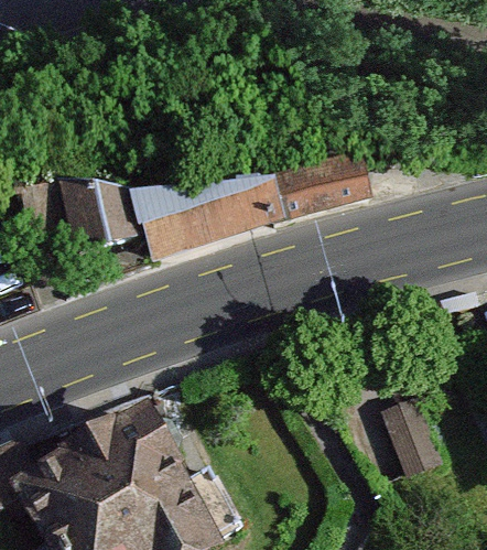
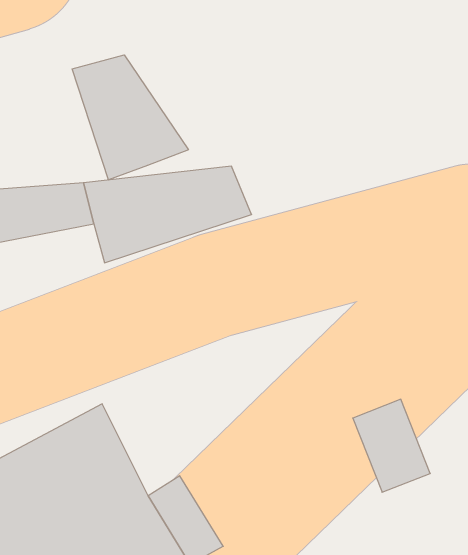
building: none -> [72,55,188,180]
building: [263,164,382,220] -> none

